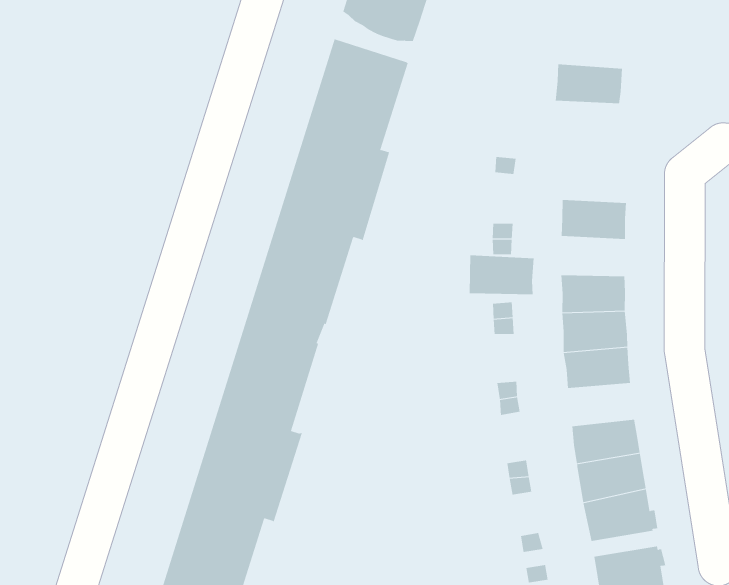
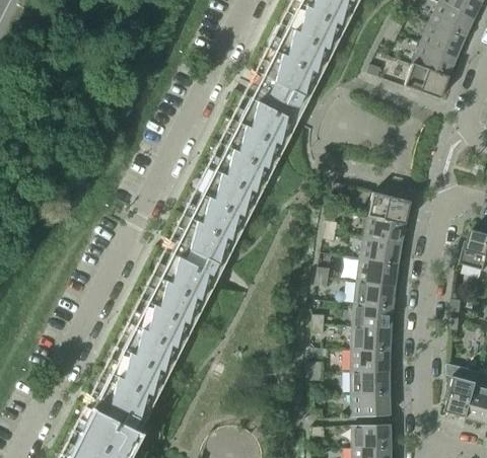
building: [555,64,623,104] -> [368,194,411,223]
building: [469,255,534,295] -> [360,236,402,265]
building: none -> [352,325,391,350]

